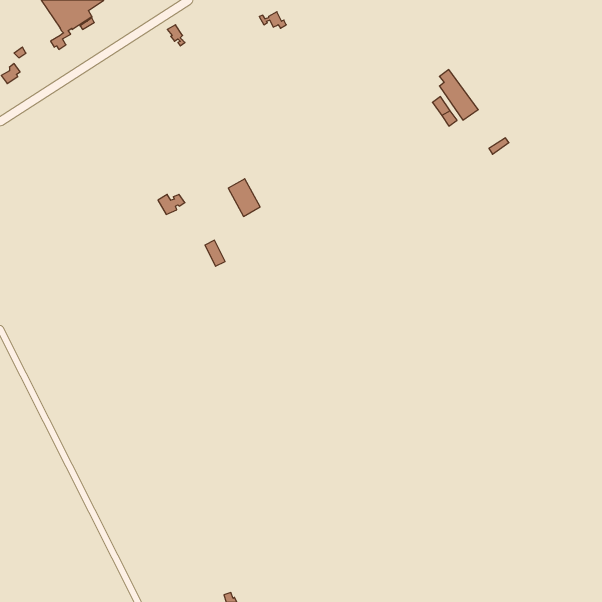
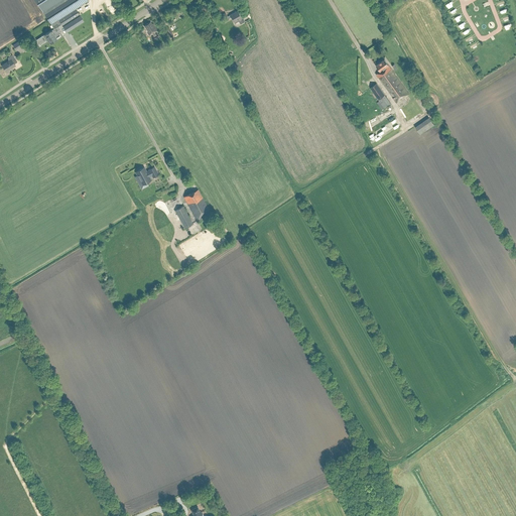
building: [228,179,260,216] -> [183,188,211,221]

